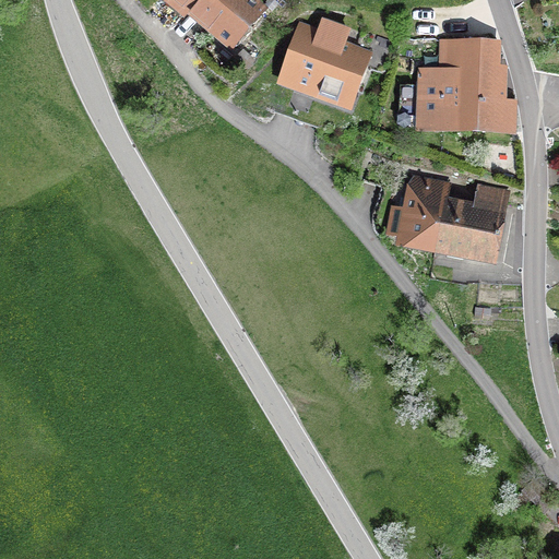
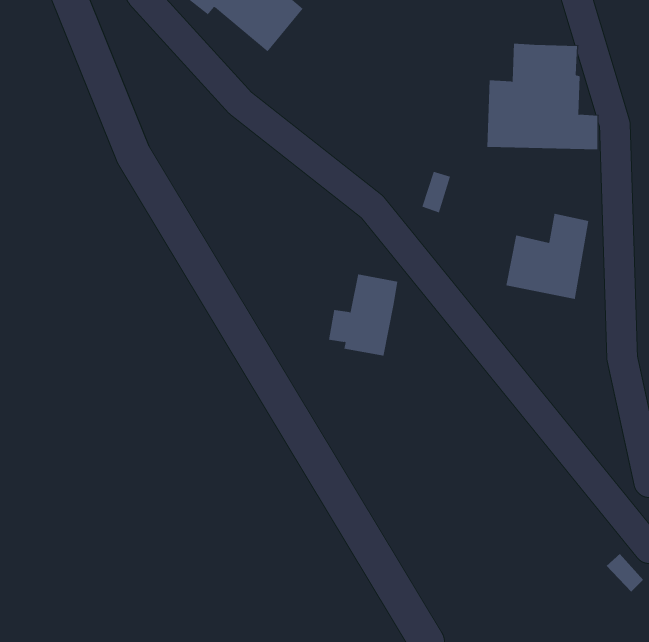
building: [275,25,373,110] -> none
building: [386,175,447,246] -> [328,274,398,356]

